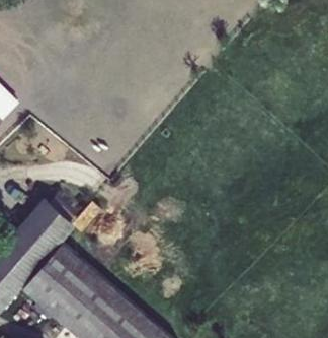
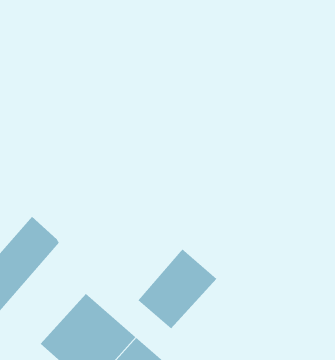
building: [20,243,92,316] -> [137,249,217,329]

